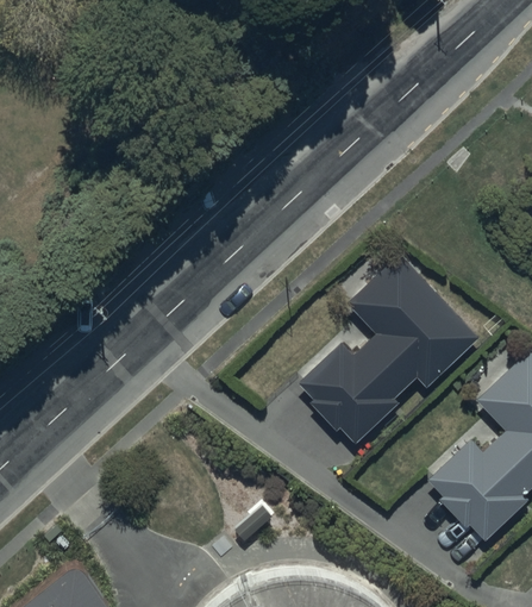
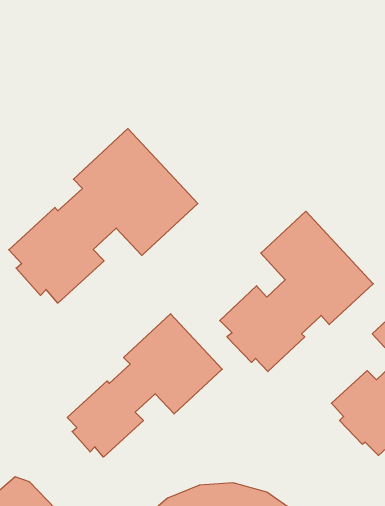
building: none -> [9,129,198,303]
building: none -> [67,314,222,457]

